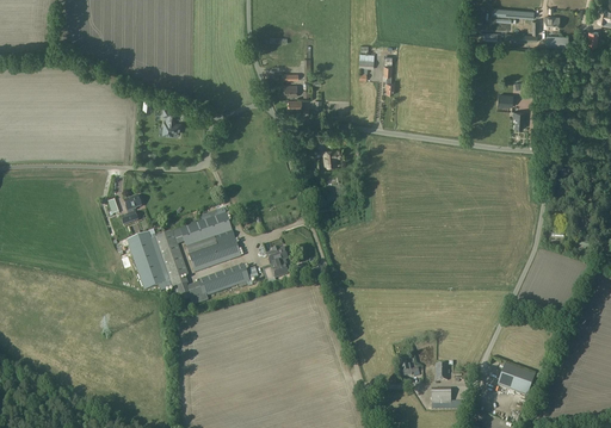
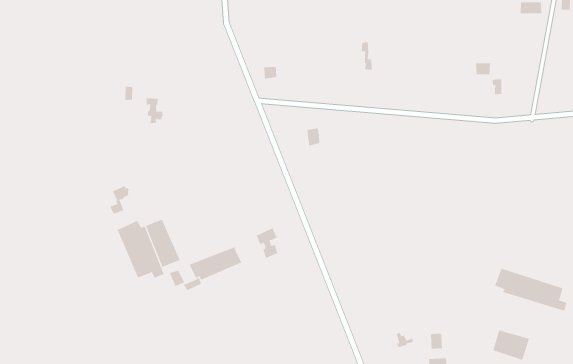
building: [179,212,241,272] -> none
building: none -> [494,268,567,312]

